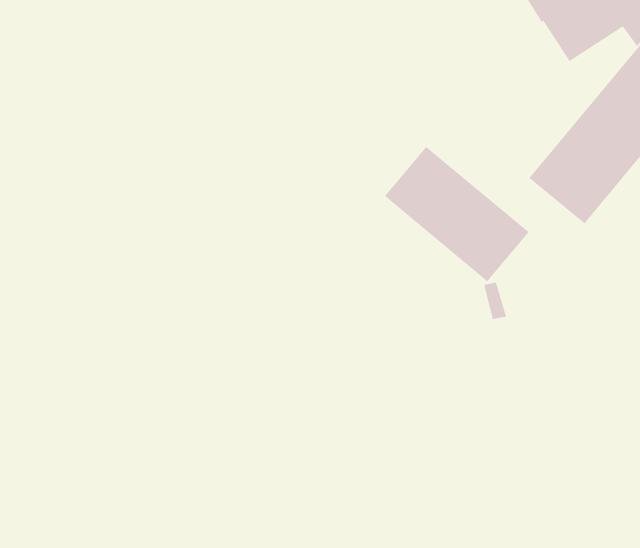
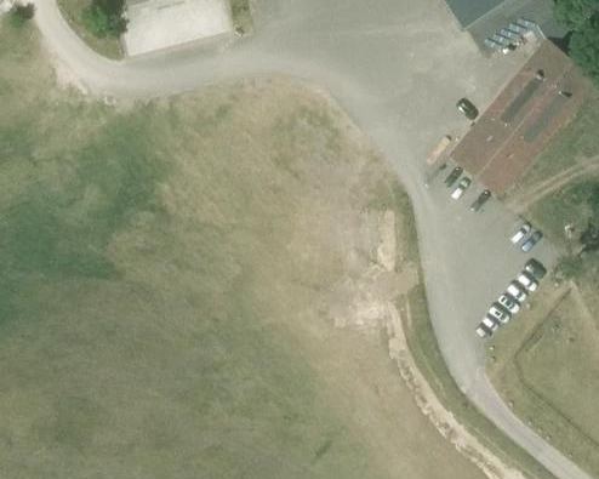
building: [384,146,530,282] -> none

